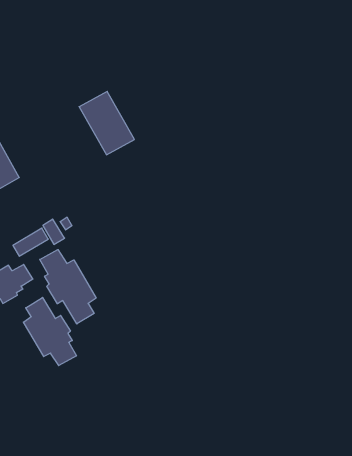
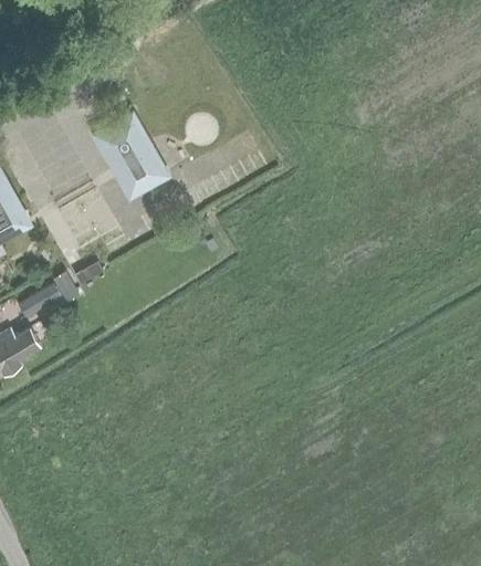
building: [40,250,96,324] -> none
building: [23,297,76,366] -> none

